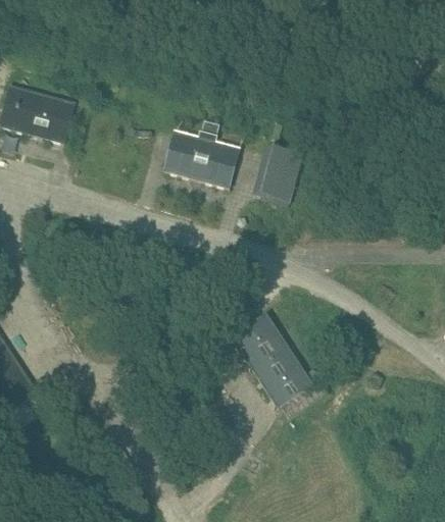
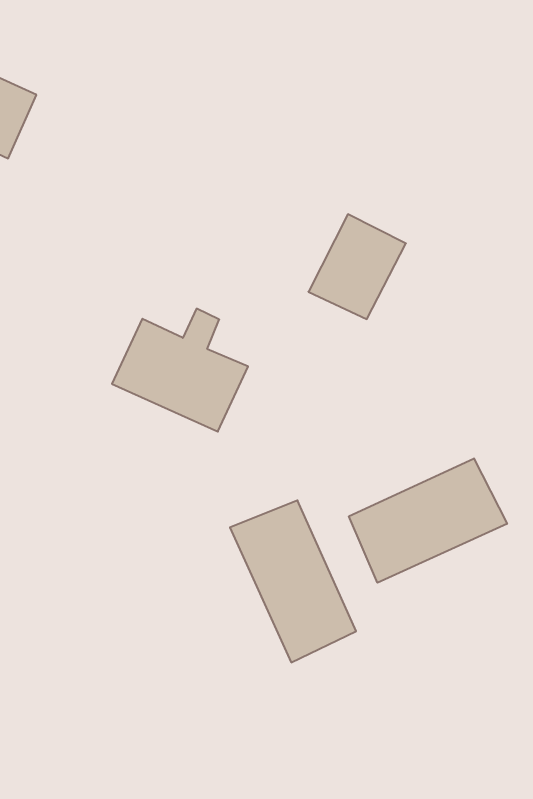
building: [163,119,241,189] -> [112,309,248,432]
building: none -> [349,458,507,583]

